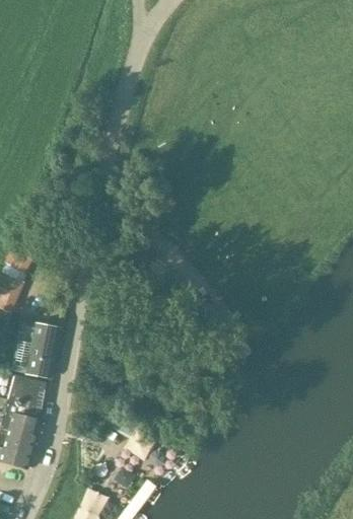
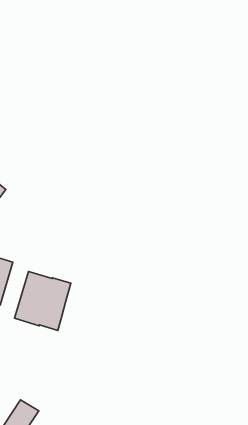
building: none -> [14,272,71,330]

